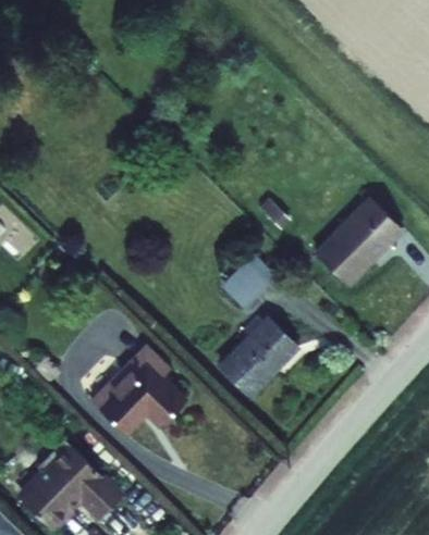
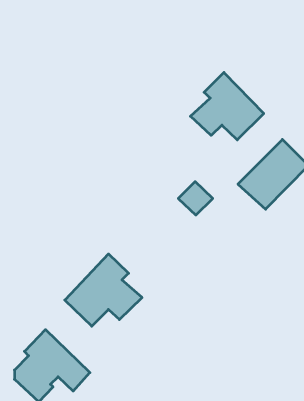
building: none -> [190,72,264,140]
building: [219,316,299,396] -> none

